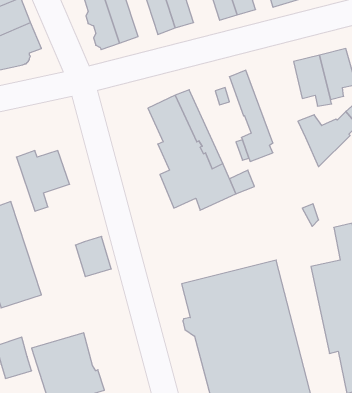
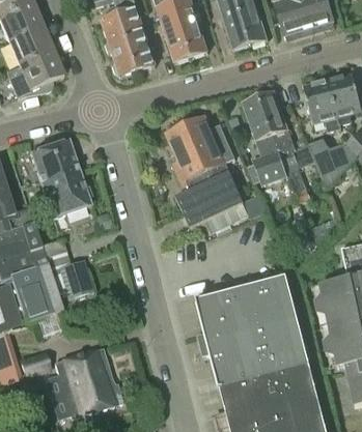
building: none -> [258,90,315,203]
building: none -> [31,140,79,179]
building: [75,236,111,277] -> [59,260,93,298]

